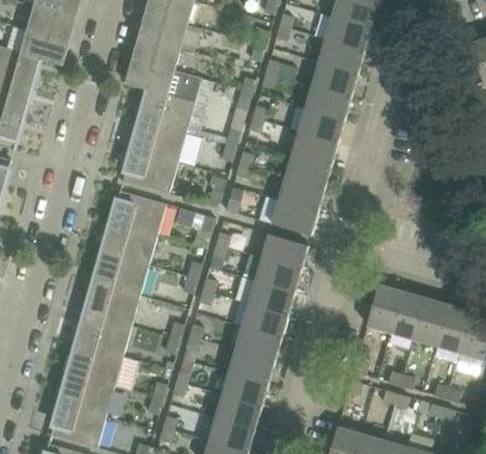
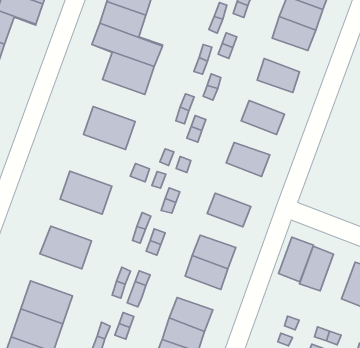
building: [311,62,357,97] -> none
building: [298,108,344,143] -> none
building: [130,119,185,162] -> none
building: [285,154,330,188] -> none
building: [110,191,164,234] -> none
building: [270,200,317,235] -> none
building: [93,251,148,294] -> none
building: [255,256,300,291] -> none
building: [388,291,424,338] -> [278,237,313,282]
building: [75,312,130,355] -> none
building: [235,325,281,360] -> none

